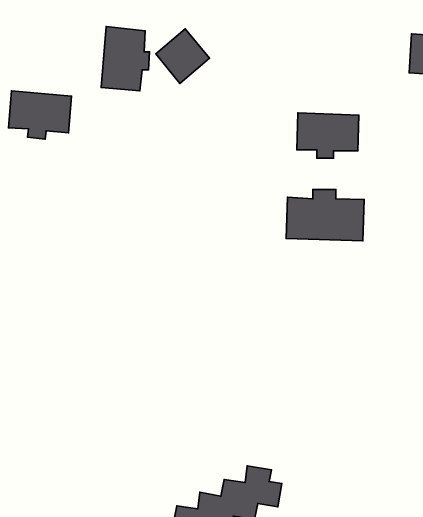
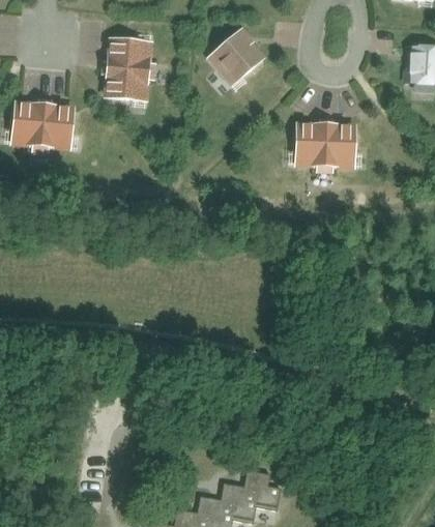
building: [156,29,209,83] -> [212,30,265,84]
building: [286,189,364,241] -> none

